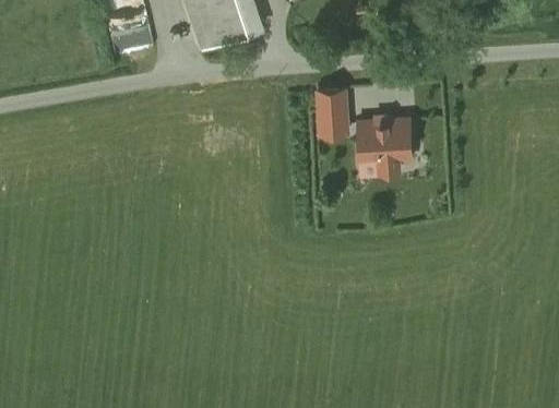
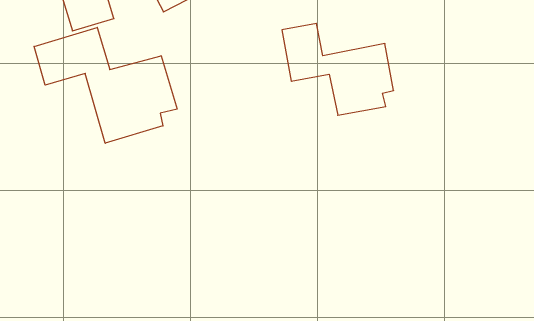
building: none -> [34,27,177,143]

